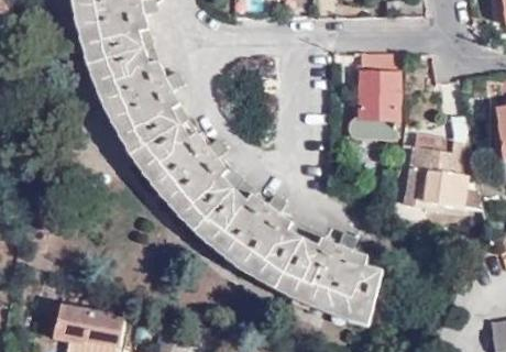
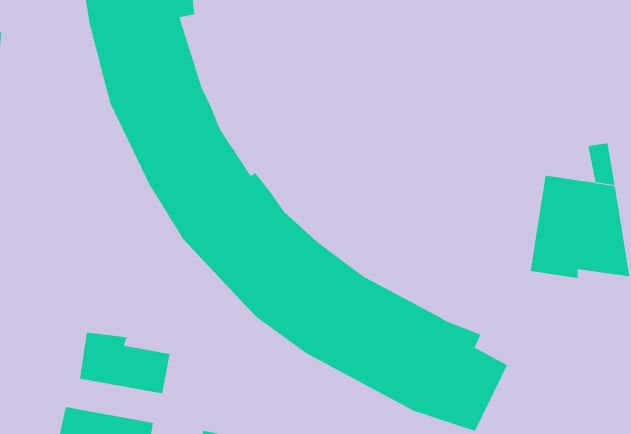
building: [349,60,398,140] -> none
building: none -> [79,332,170,394]

